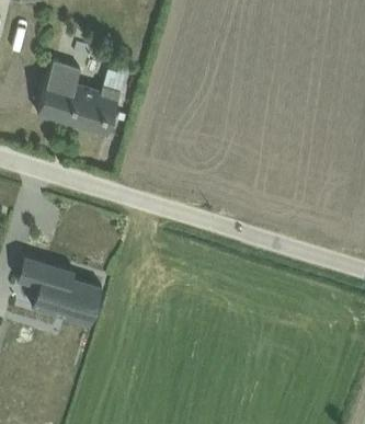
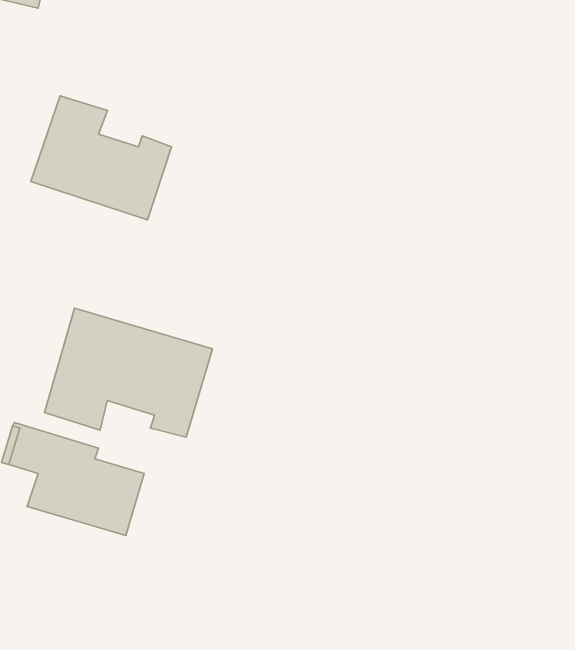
building: none -> [45,308,212,437]

